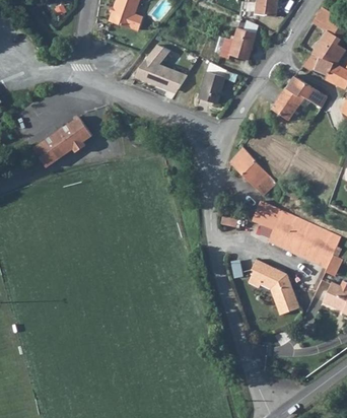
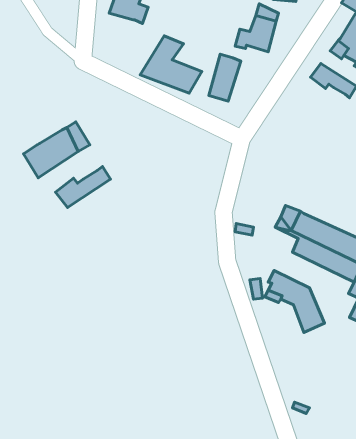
building: [268,83,305,118] -> none
building: [230,144,276,191] -> none
building: none -> [56,166,110,208]

